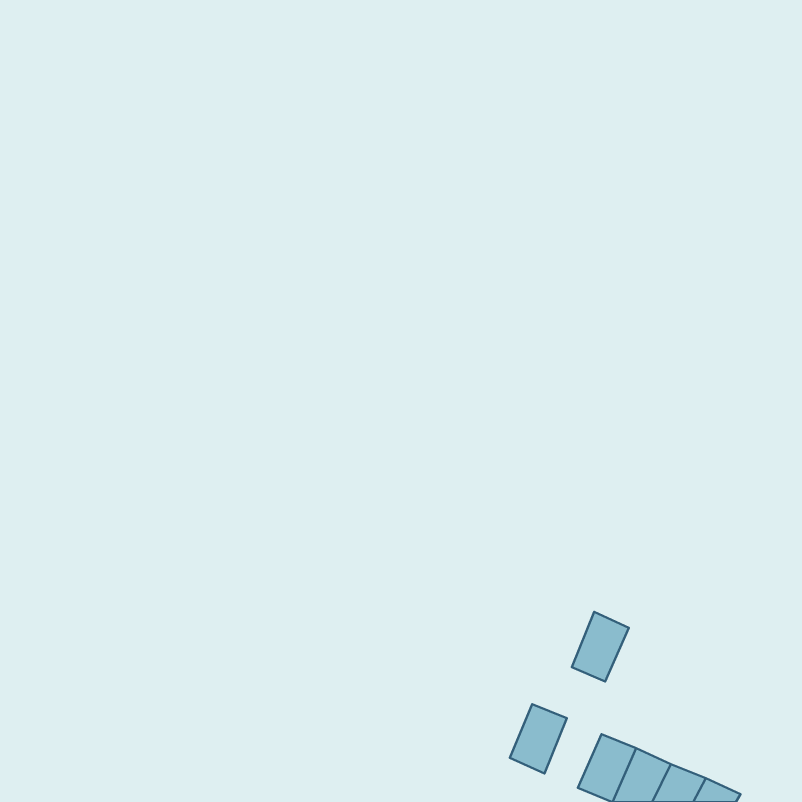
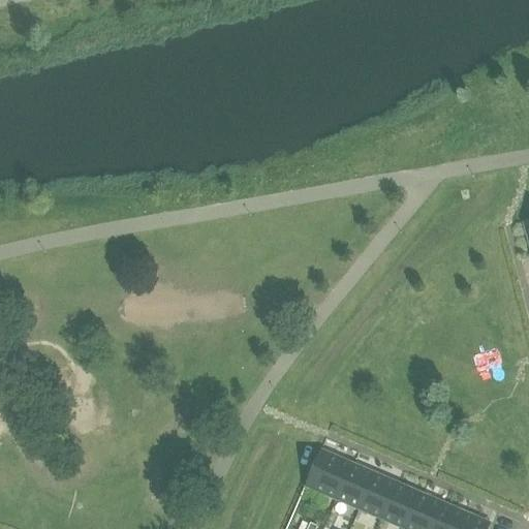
building: [572,612,629,681] -> [356,470,394,516]
building: none -> [310,450,348,496]

